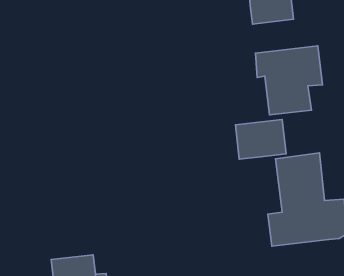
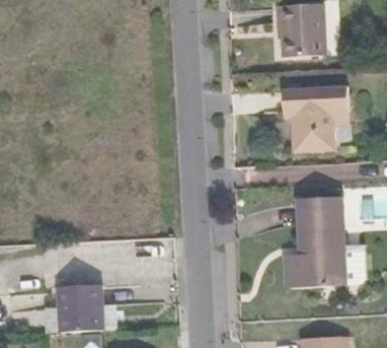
building: [235,119,286,159] -> none

